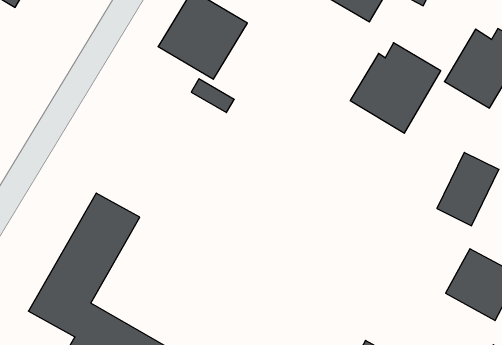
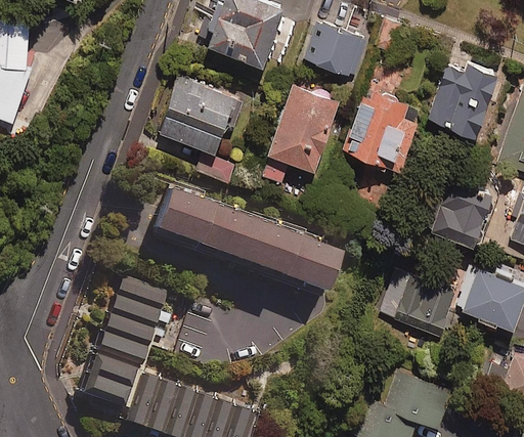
building: none -> [262,84,339,180]
building: none -> [152,195,336,300]
building: none -> [393,273,456,334]

